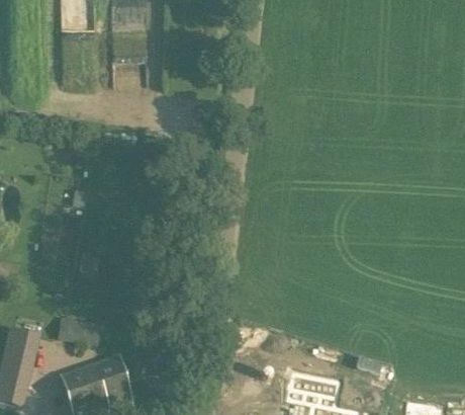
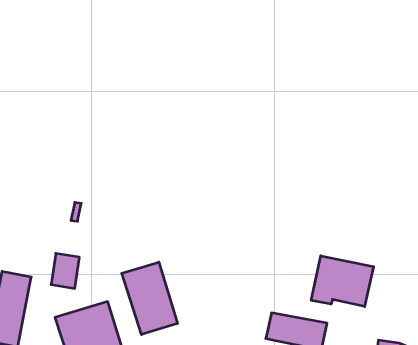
building: none -> [311,256,374,307]
building: none -> [122,262,177,335]

